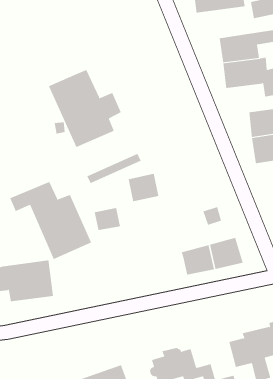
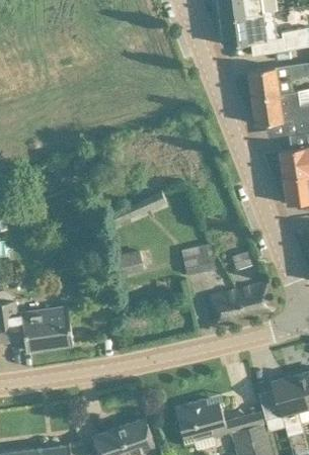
building: [48,69,122,148] -> none
building: [128,173,159,202] -> [182,245,216,275]
building: [10,181,92,260] -> none

